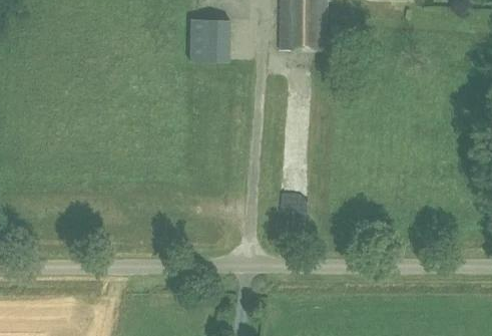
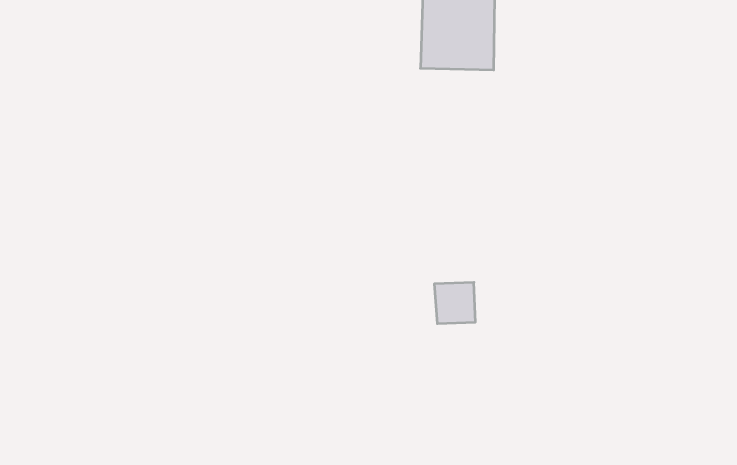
building: [189,19,230,62] -> none

